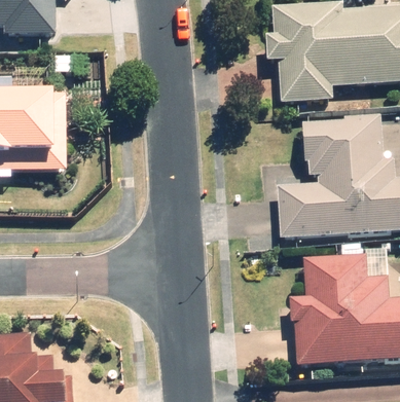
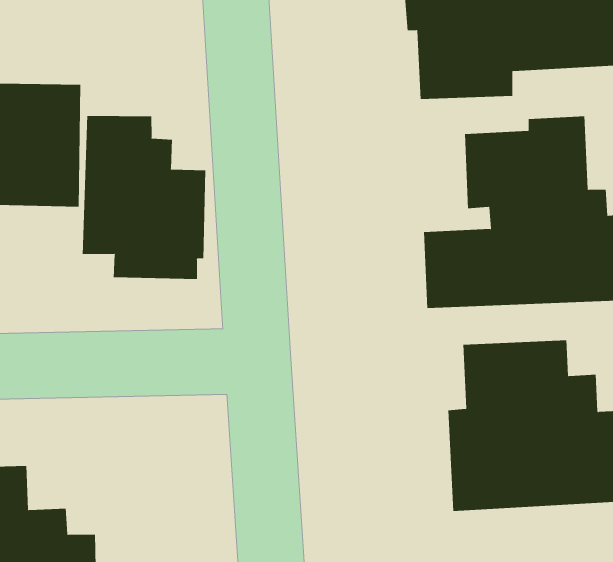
building: none -> [82,115,206,280]

